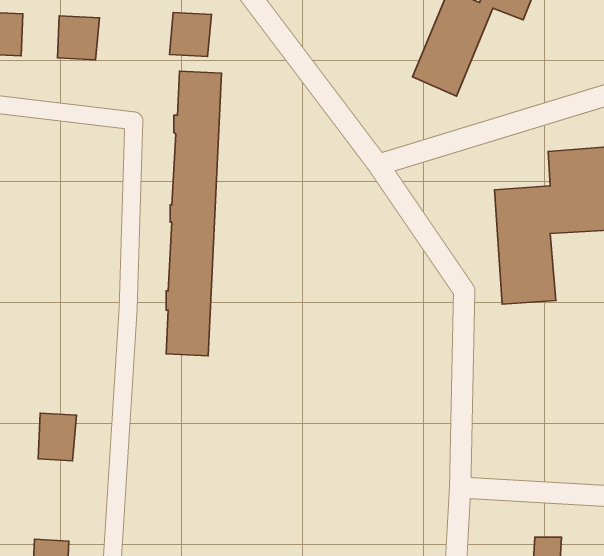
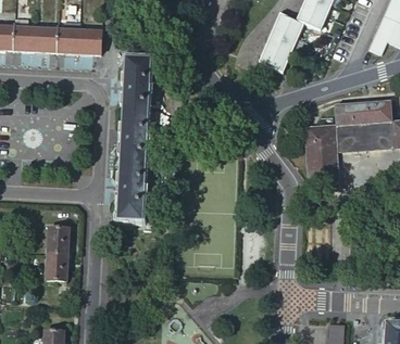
building: [169,13,211,56] -> [78,28,102,53]
building: none -> [36,26,58,51]
building: none -> [47,227,68,254]

